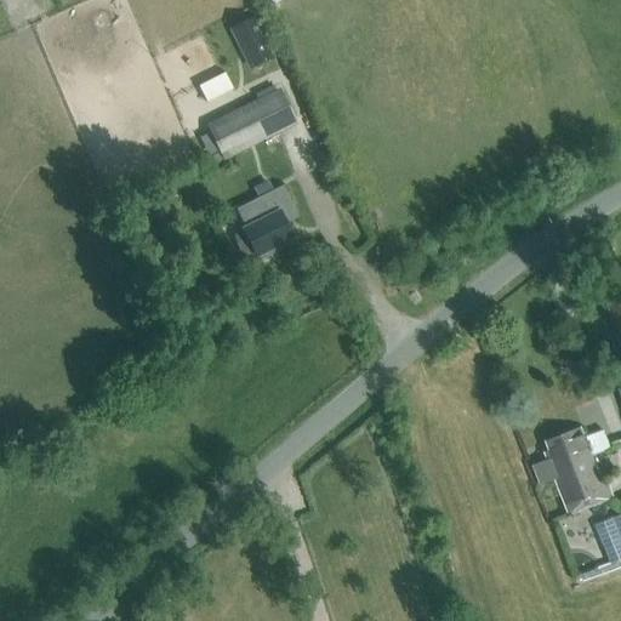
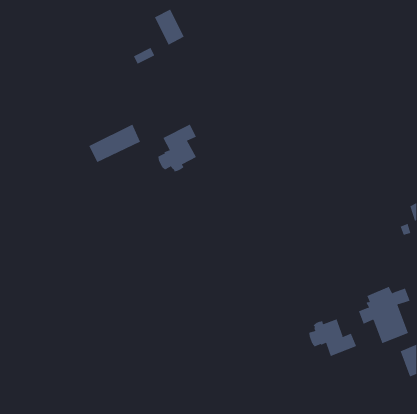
building: [212,92,290,150] -> [89,124,141,163]
building: none -> [309,319,357,357]

